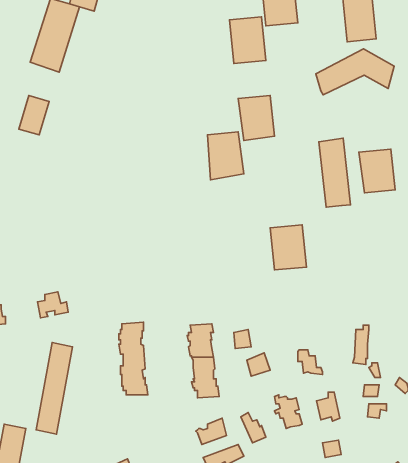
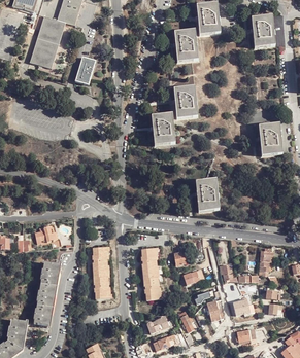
building: [316,49,394,95] -> none
building: [19,96,49,135] -> [75,58,97,85]
building: [319,138,350,207] -> none

